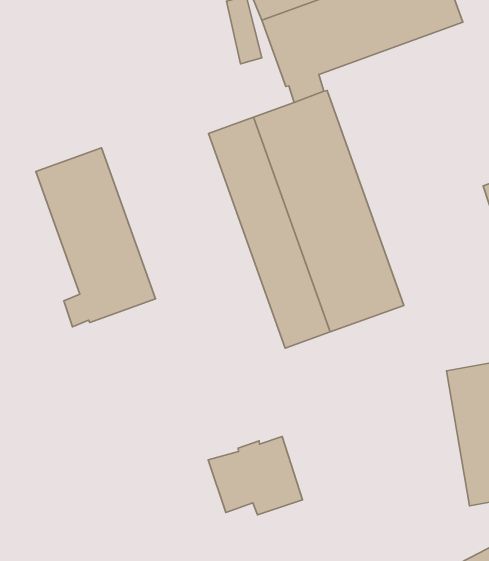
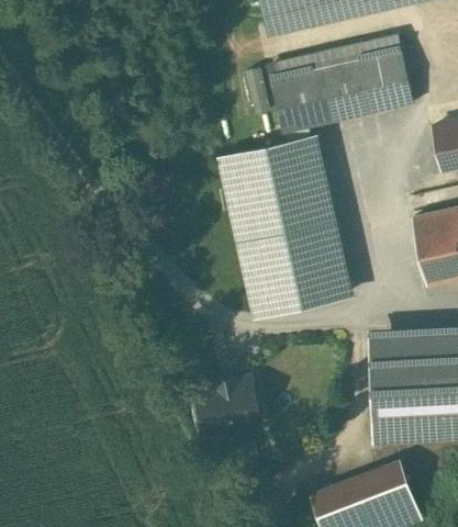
building: [36,148,156,327] -> none

